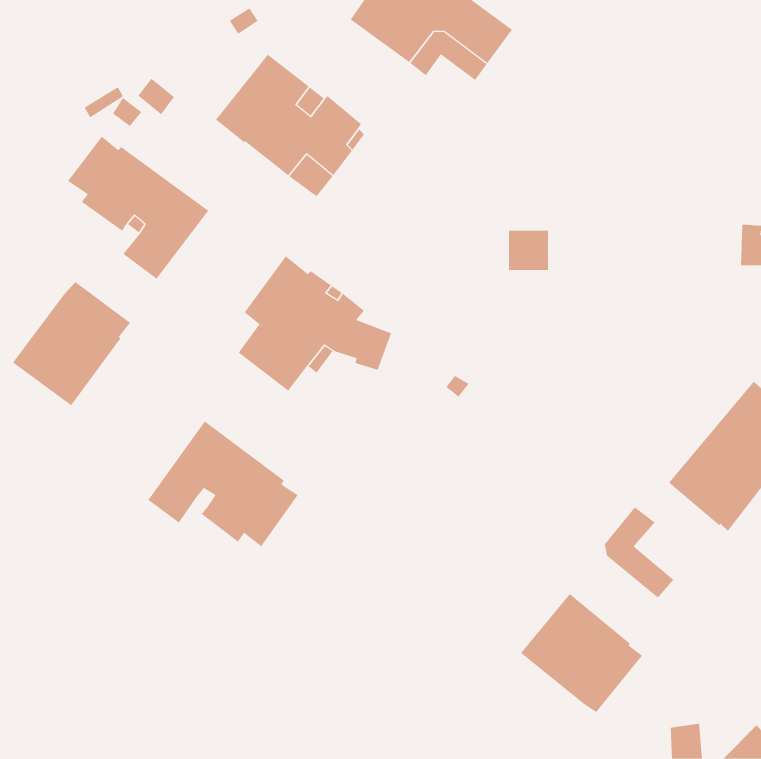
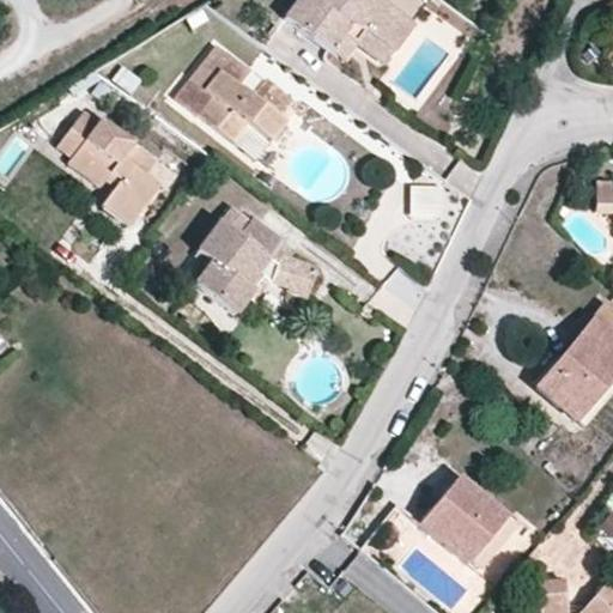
building: [12,281,131,406] -> none
building: [147,420,298,547] -> none
building: [604,507,674,599] -> none

